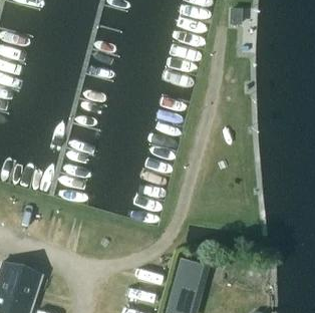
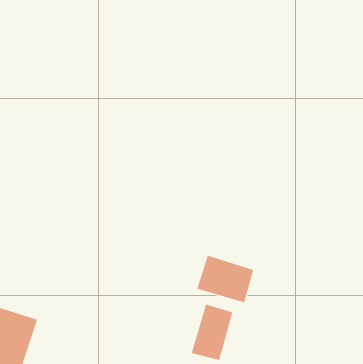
building: none -> [196,255,254,303]

